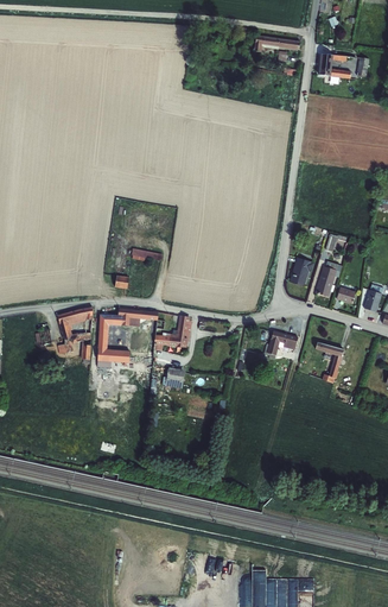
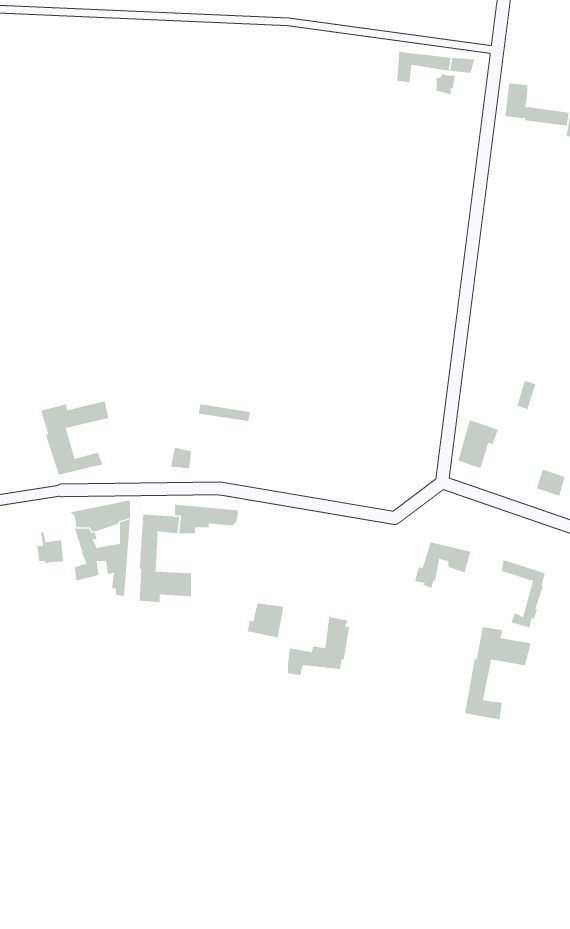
building: none -> [40,400,109,476]
building: [316,261,343,297] -> none
building: [154,316,192,352] -> [287,616,350,675]
building: none -> [465,626,531,720]

